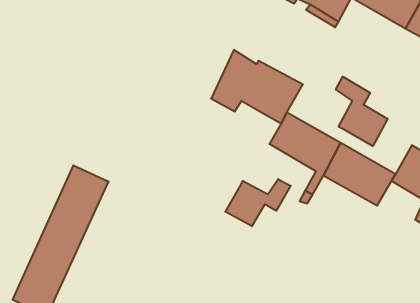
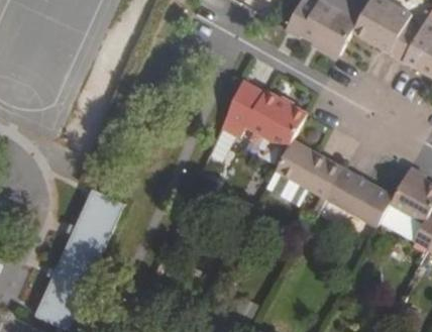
building: [336,77,388,146] -> none
building: [225,179,291,226] -> none

